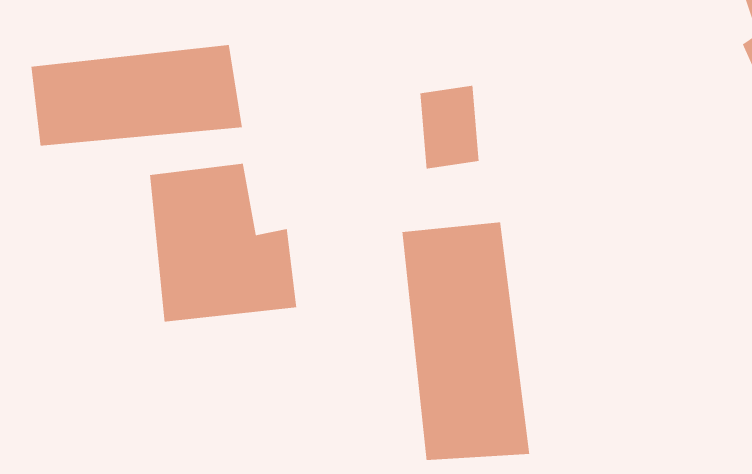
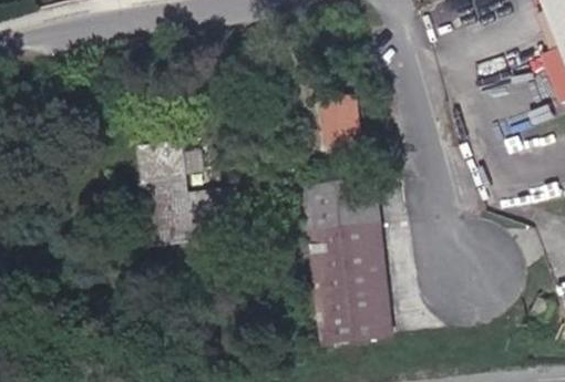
building: [30,44,243,147] -> none

